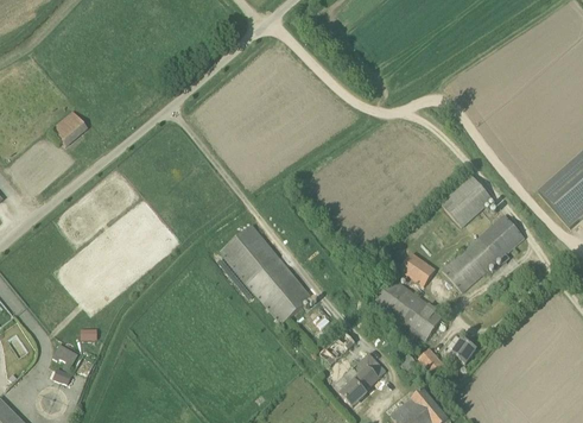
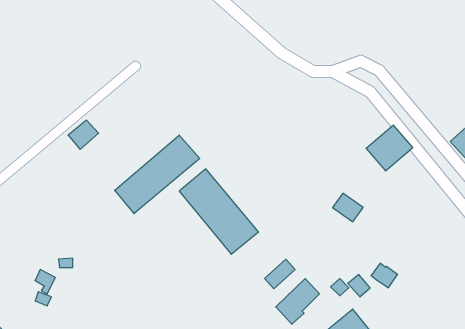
building: [51,111,87,145] -> [68,120,99,149]
building: none -> [115,135,200,214]
building: [442,214,524,292] -> none
building: [372,271,445,340] -> none

